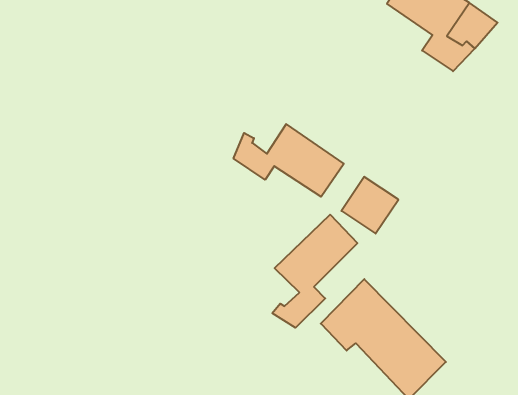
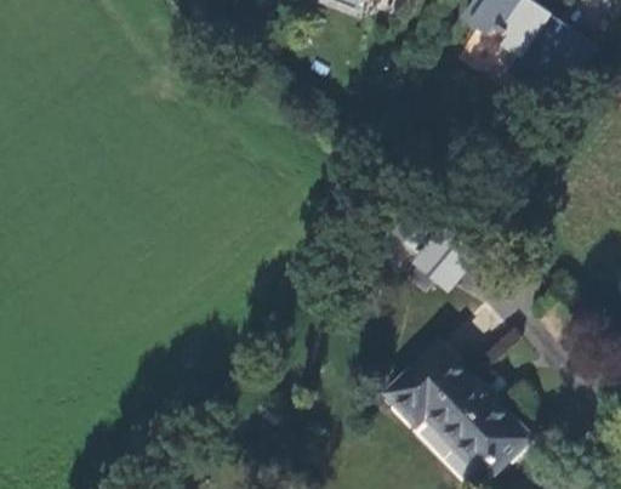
building: [234,124,344,197] -> none
building: [272,215,357,328] -> none

